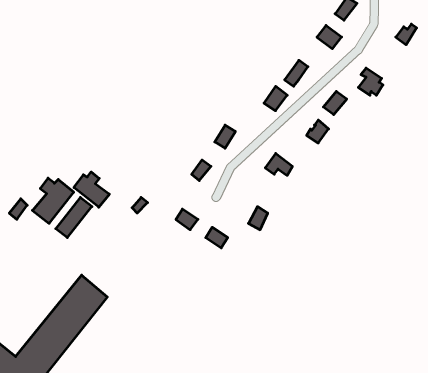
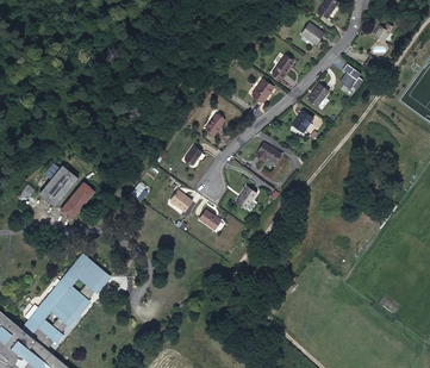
building: [74,172,109,207] -> none

